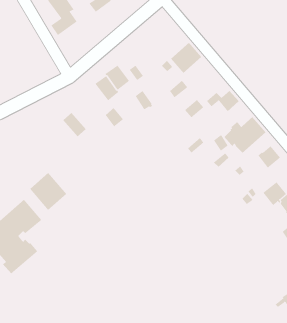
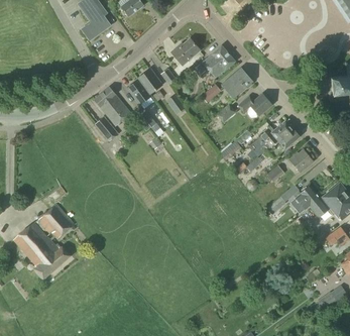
building: none -> [171,38,200,65]
building: none -> [222,68,253,98]
building: none -> [95,87,131,125]
building: [29,172,67,211] -> none

